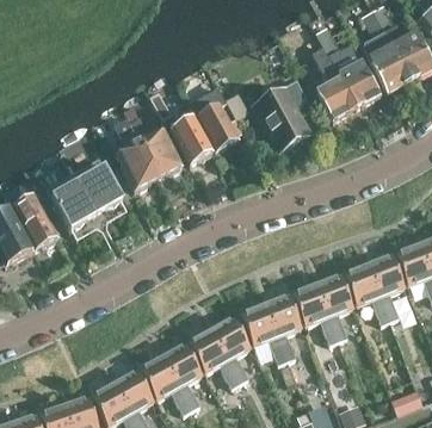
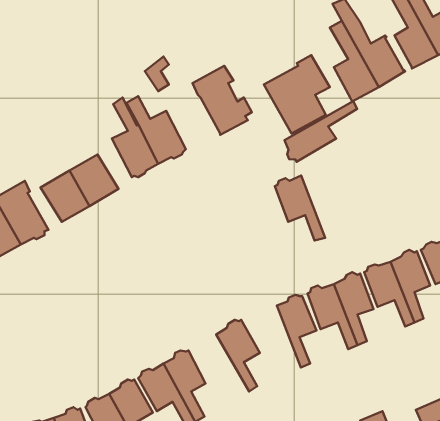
building: [169,114,214,163] -> none
building: none -> [285,101,357,162]
building: [241,304,286,362] -> [275,176,325,240]
building: [189,330,240,386] -> none

